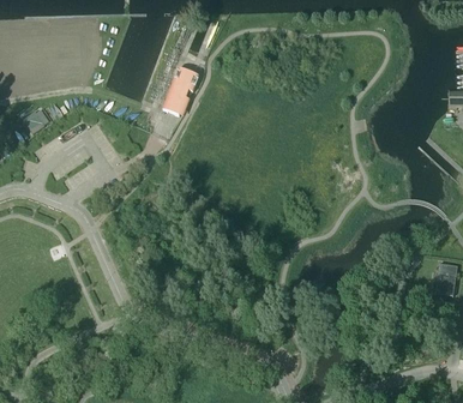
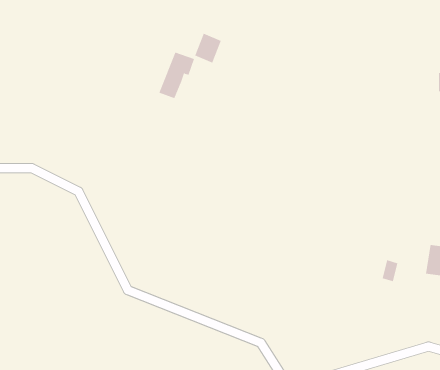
building: none -> [194,33,222,63]

